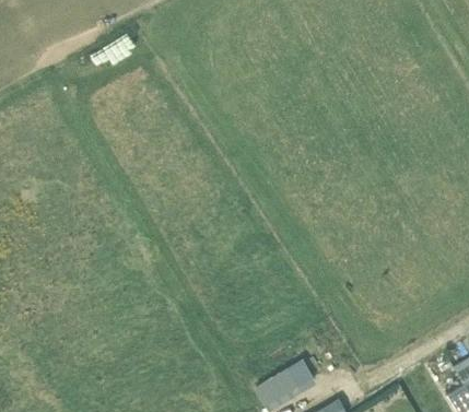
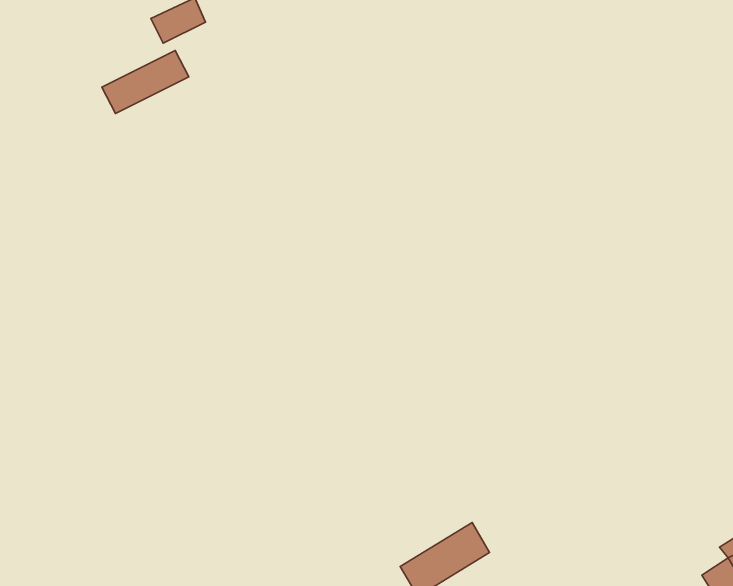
building: none -> [102,51,189,114]

